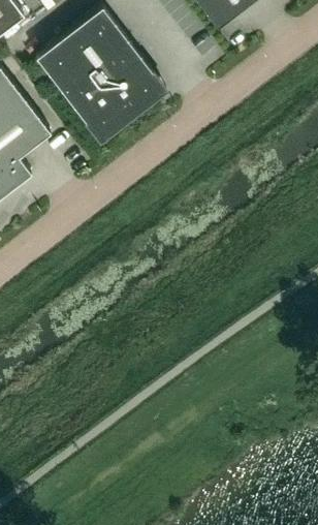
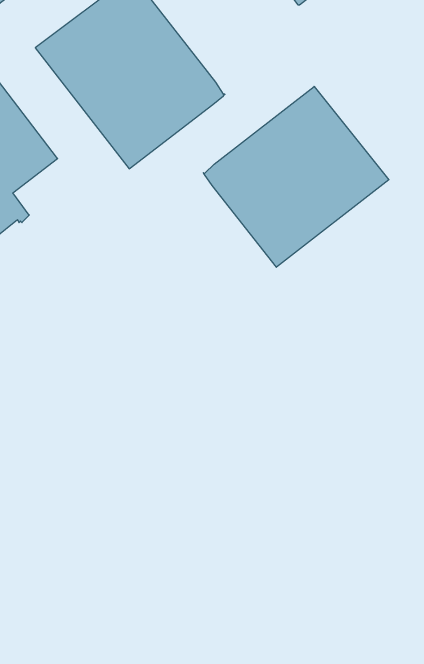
building: none -> [203,86,389,267]

